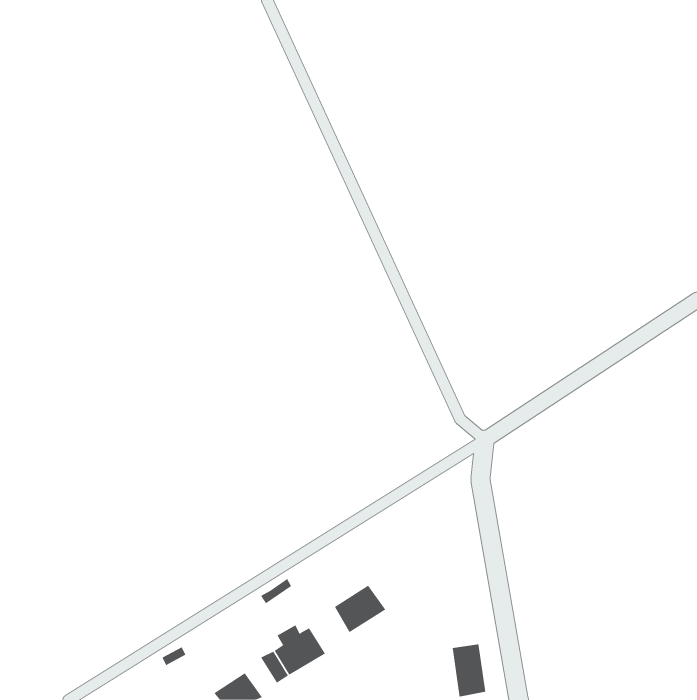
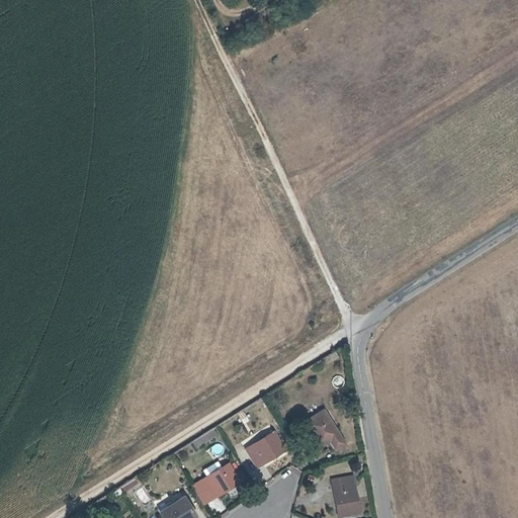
building: none -> [306,411,345,449]

